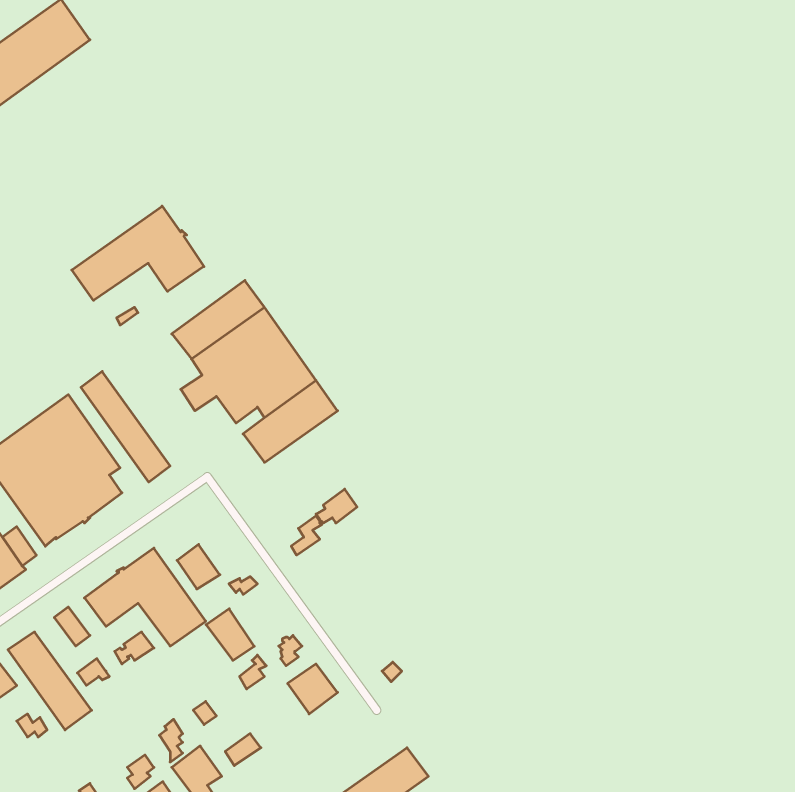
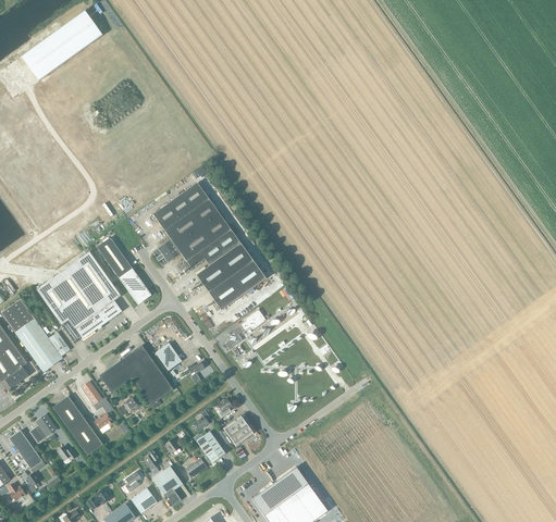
building: [72,206,204,300] -> none
building: none -> [209,261,267,310]
building: [206,609,254,660] -> [196,431,225,462]

